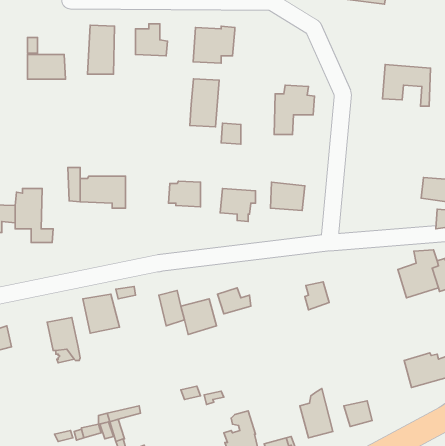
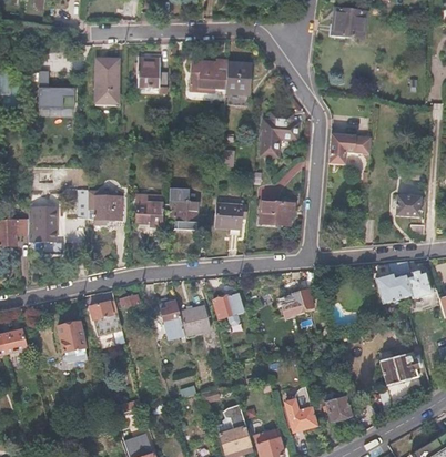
building: [383,64,430,106] -> [327,132,371,170]
building: [190,79,219,127] -> [224,62,251,105]
building: none -> [135,202,161,226]

